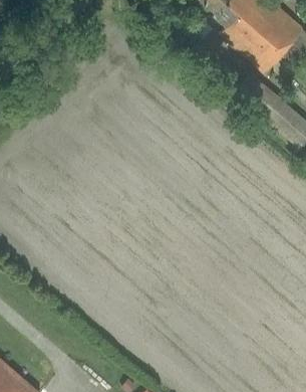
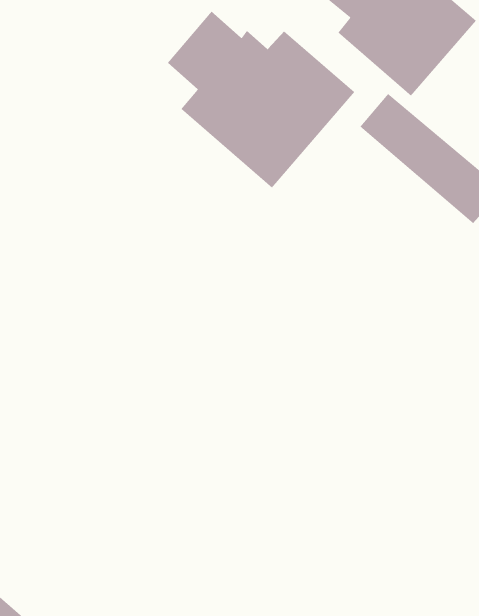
building: none -> [167,11,355,189]

